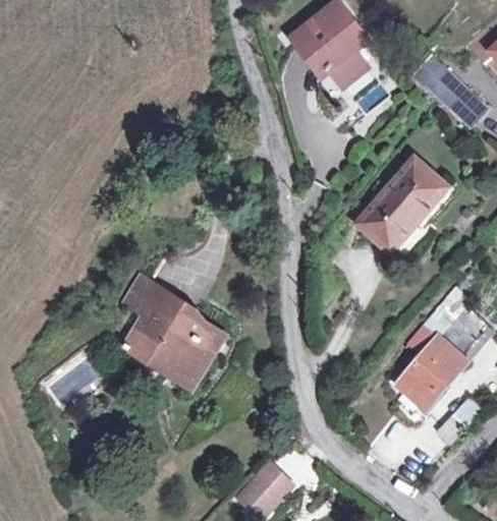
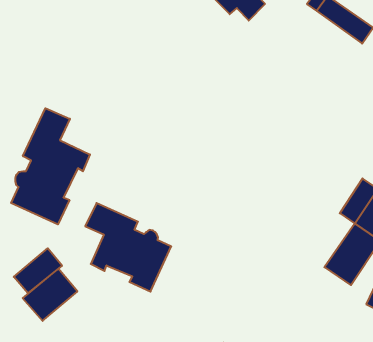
building: none -> [11,108,90,224]
building: [360,160,445,250] -> none
building: none -> [14,248,62,293]

